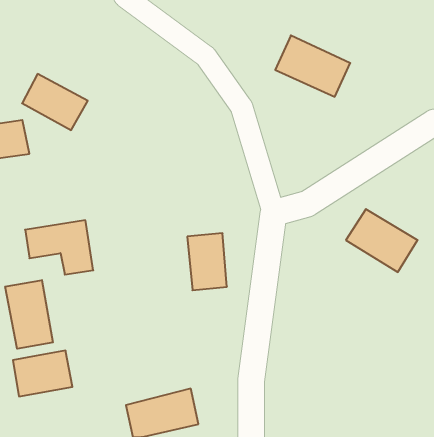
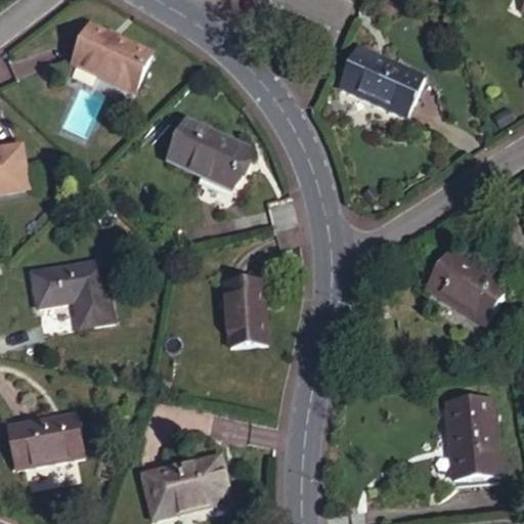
building: [22,74,88,130] -> [72,14,149,81]
building: none -> [165,115,246,183]
building: [5,280,53,349] -> none
building: none -> [440,396,504,481]

